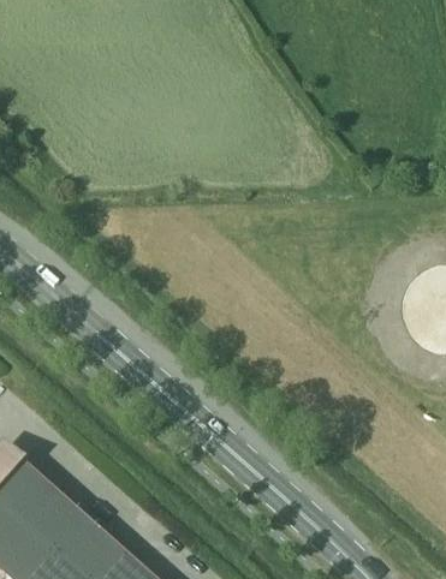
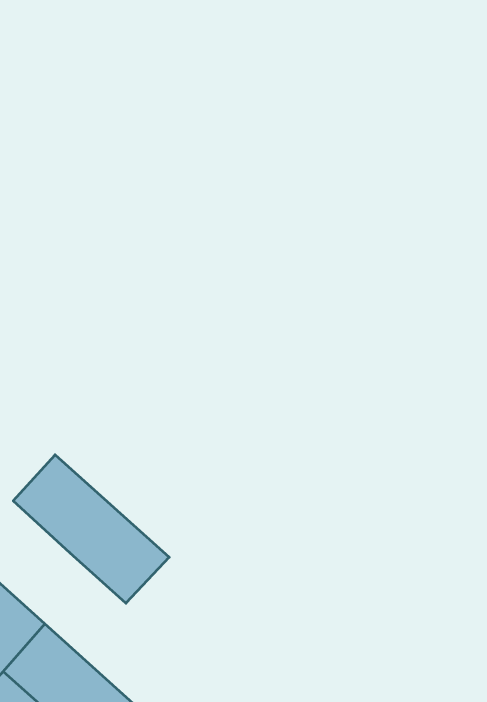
building: none -> [13,455,169,603]

